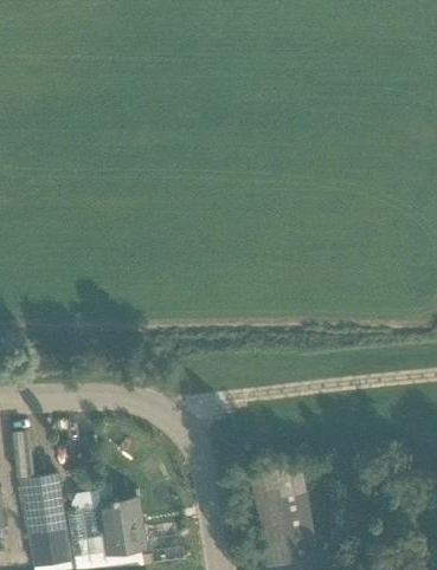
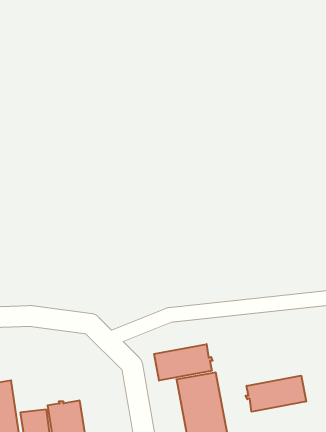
building: none -> [154,344,213,381]
building: none -> [246,376,306,412]

